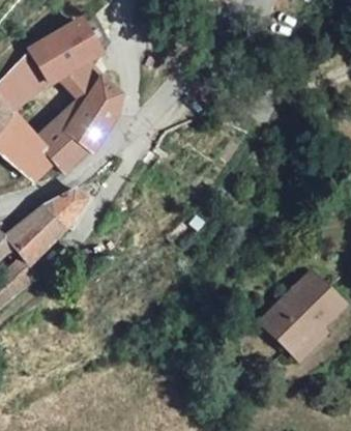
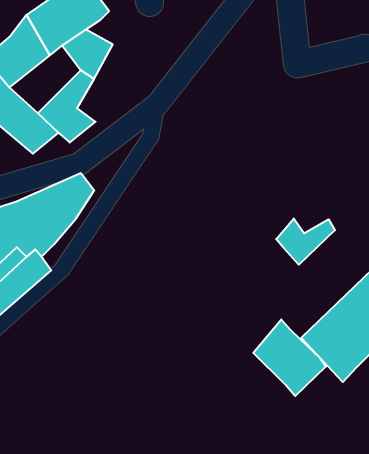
building: [70,79,121,148] -> none
building: none -> [276,218,335,265]
building: none -> [253,319,326,396]

